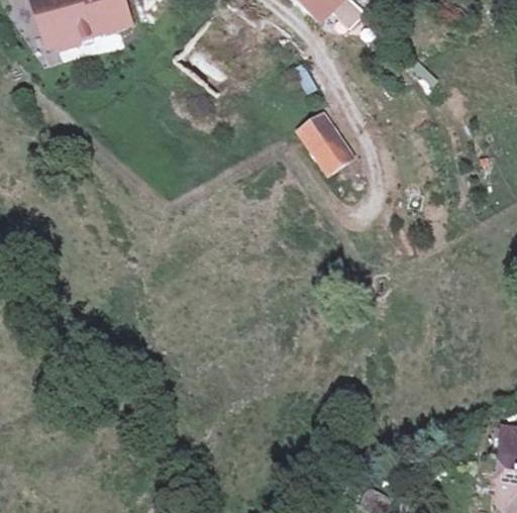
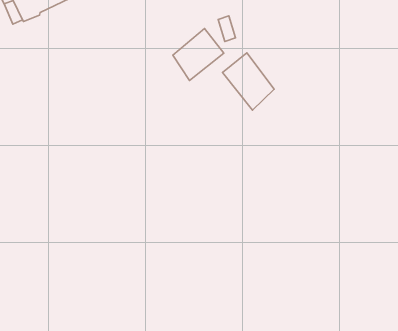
building: none -> [173,28,224,81]

